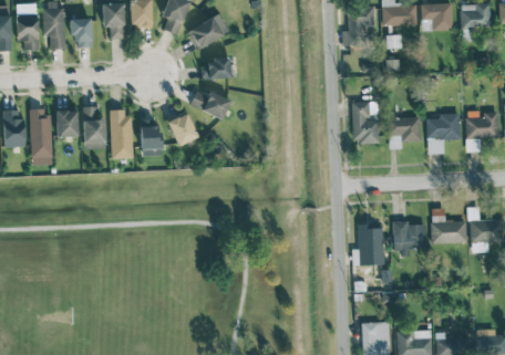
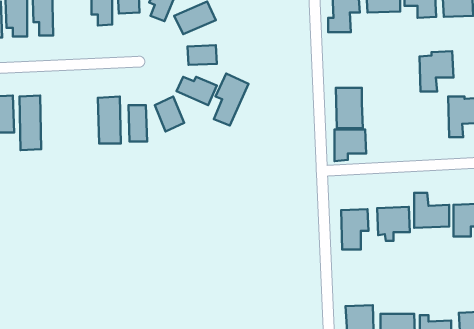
building: [70,18,92,48] -> none
building: none -> [214,73,248,126]
building: [83,106,105,150] -> none
building: [55,111,79,137] -> none
building: [426,113,461,154] -> [420,51,453,92]
building: [389,117,421,149] -> [335,129,366,161]

